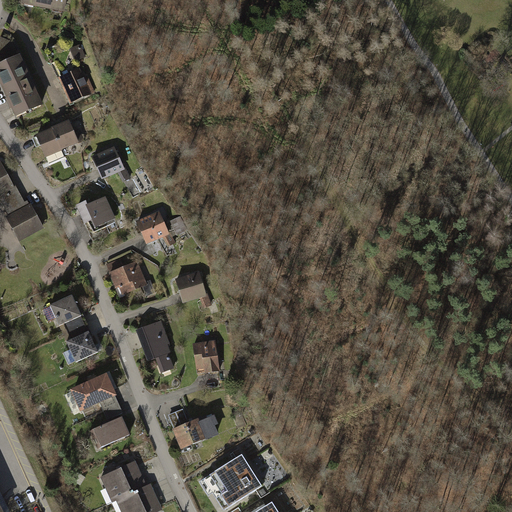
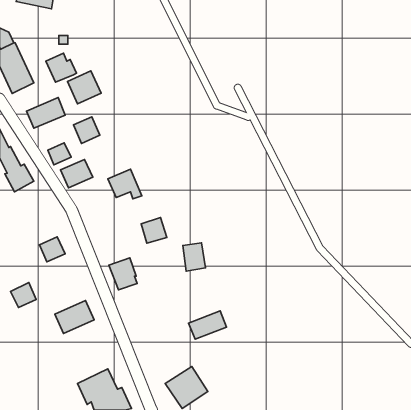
building: none -> [67,71,101,104]
building: none -> [48,143,71,165]
building: [108,260,151,296] -> none
building: [65,330,97,361] -> [10,283,36,308]
building: [192,339,220,374] -> [183,243,206,271]
building: [172,414,219,449] -> [189,311,227,339]
building: [90,418,131,450] -> none

